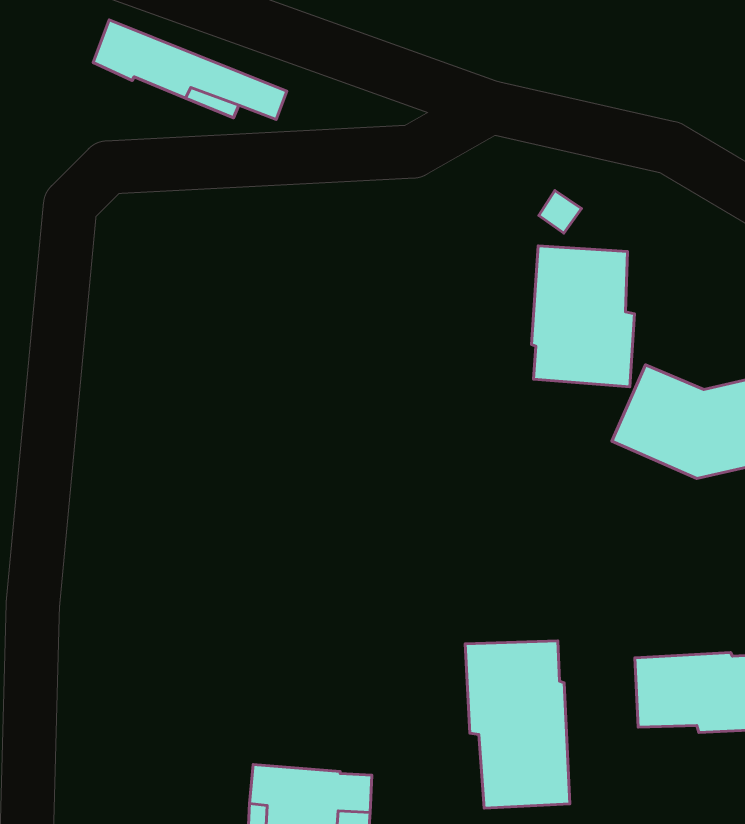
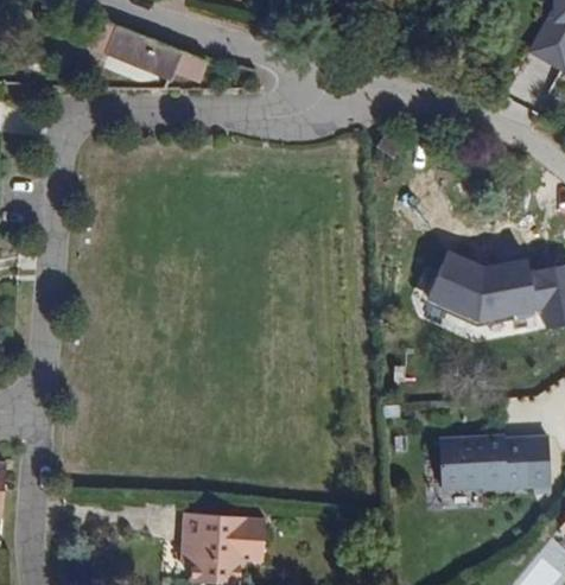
building: [531,246,635,387] -> none
building: [465,641,570,808] -> none

